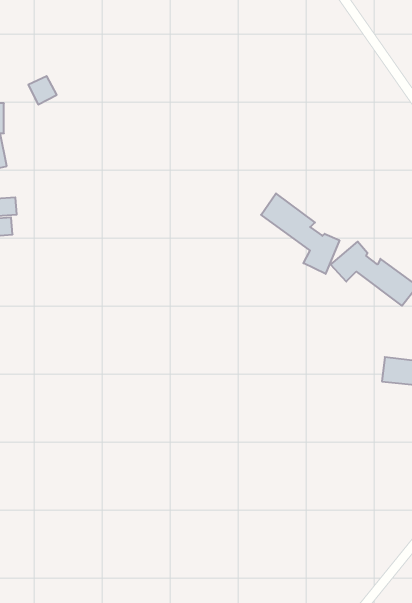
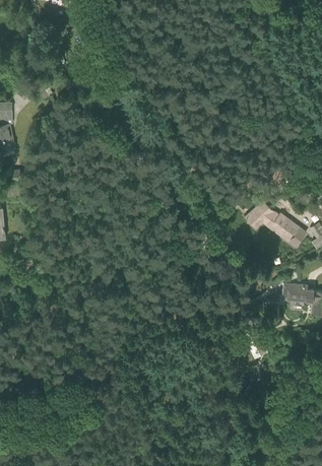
building: [261,193,339,274] -> none

